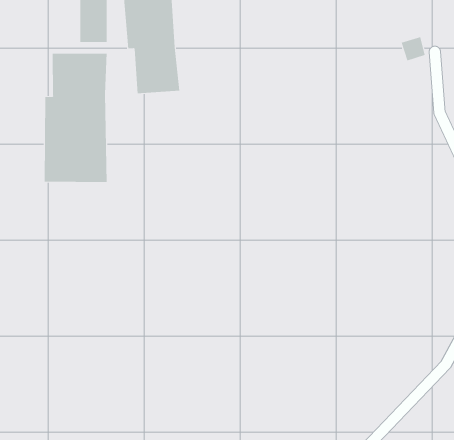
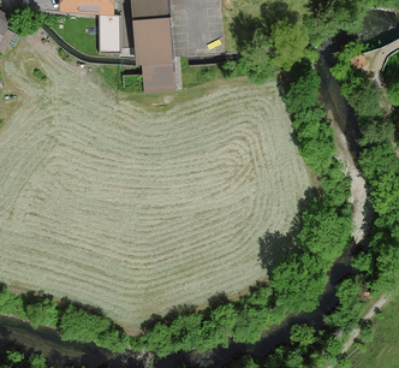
building: [44,53,107,183] -> none

